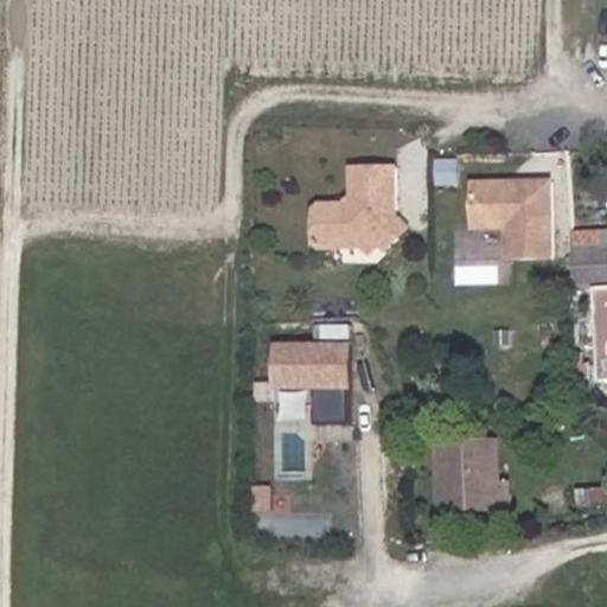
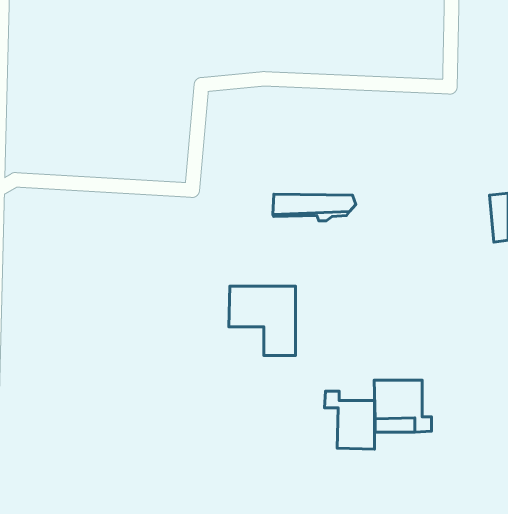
building: [318,177,409,226] -> none
building: [468,178,552,257] -> none
building: none -> [324,391,375,449]

